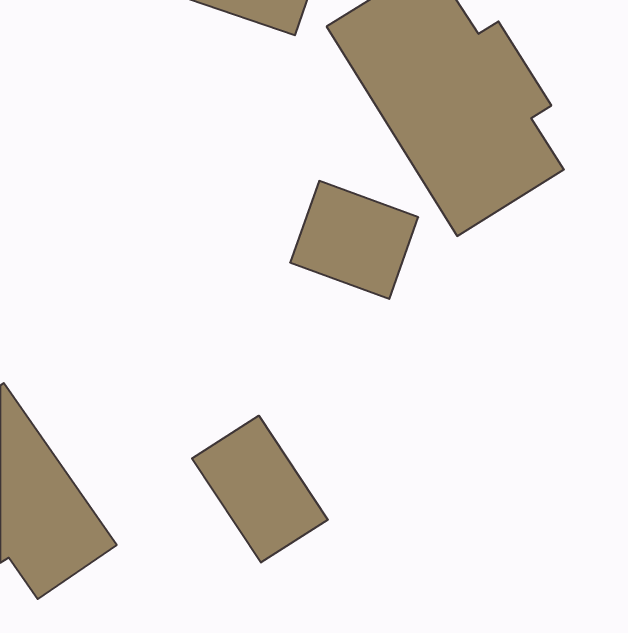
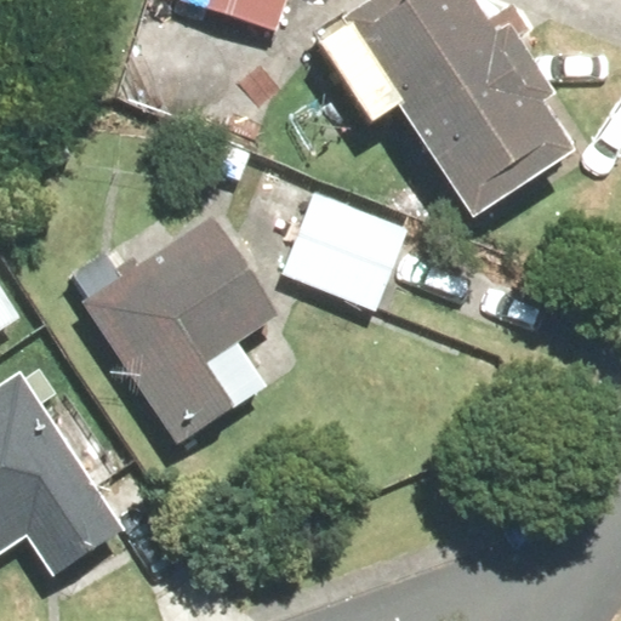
building: none -> [79,218,269,440]
building: [192,416,328,563] -> none

